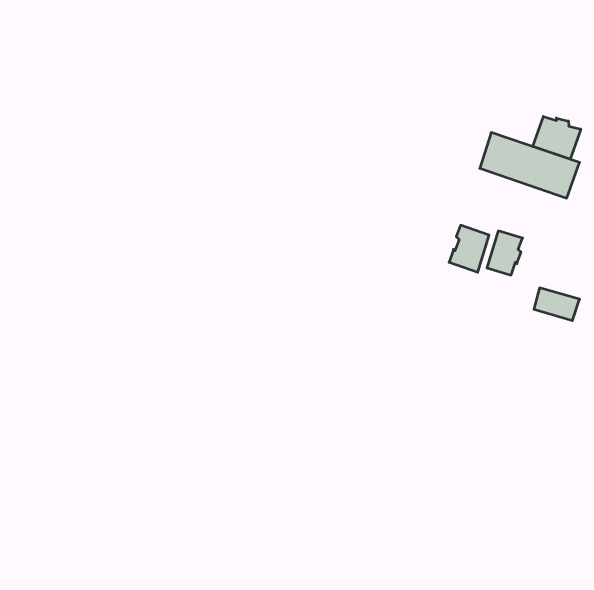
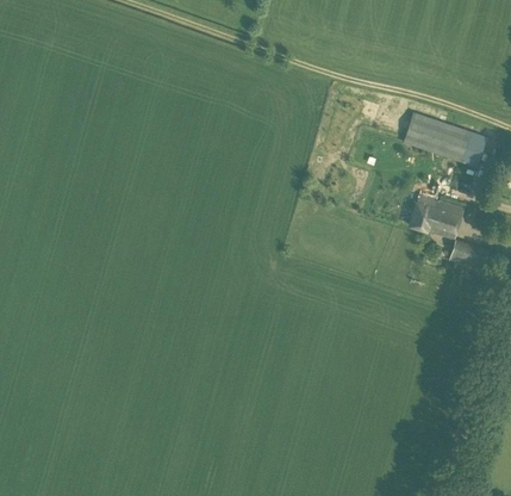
building: [533,116,581,159] -> none
building: [449,225,489,272] -> [430,200,463,240]

